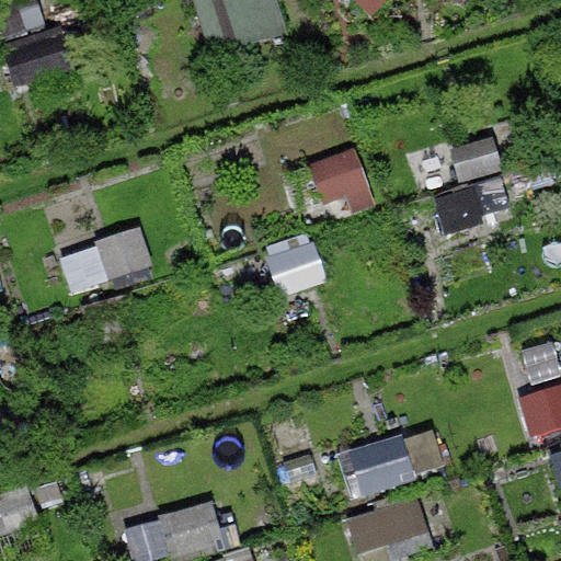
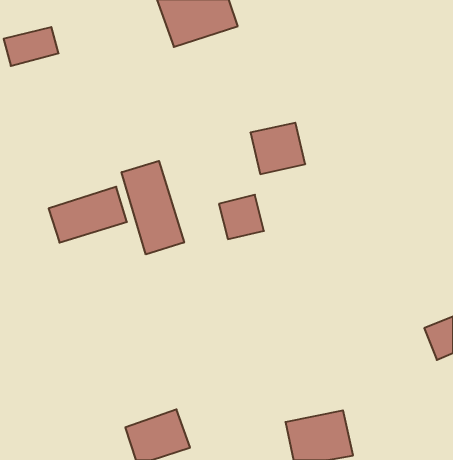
building: [434,139,511,228] -> none
building: none -> [122,161,184,254]
building: [348,428,442,492] -> none

